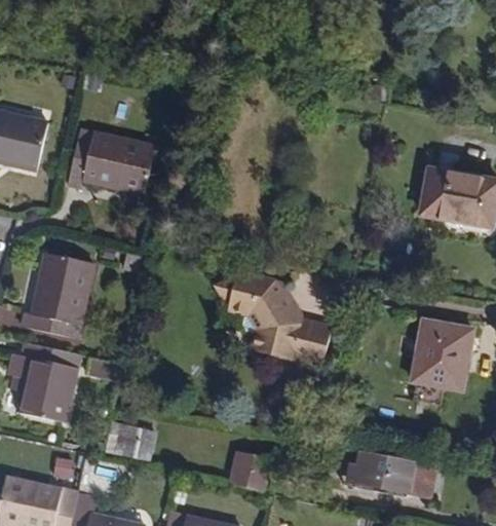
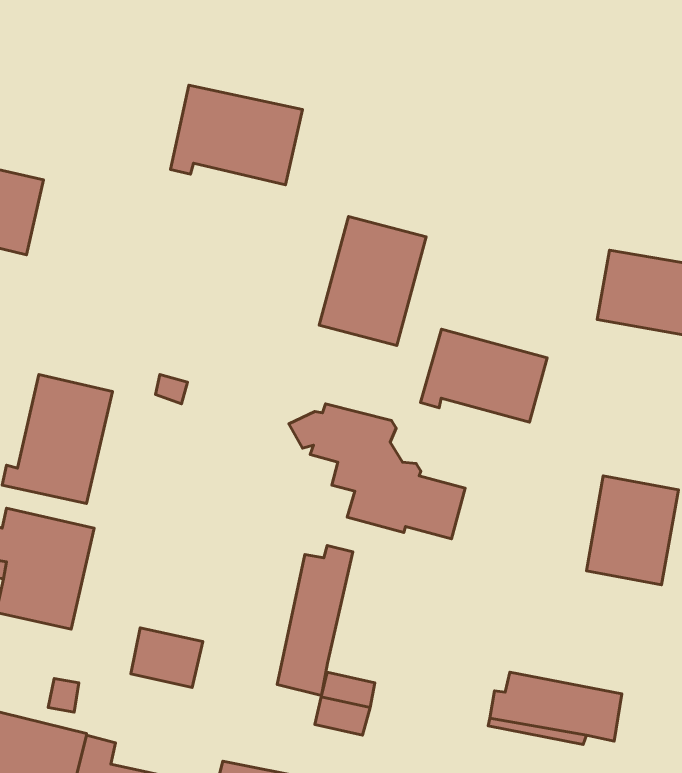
building: [68,128,156,195] -> [170,85,302,185]
building: none -> [319,216,426,346]
building: none -> [420,329,547,422]
building: none -> [277,546,353,695]

